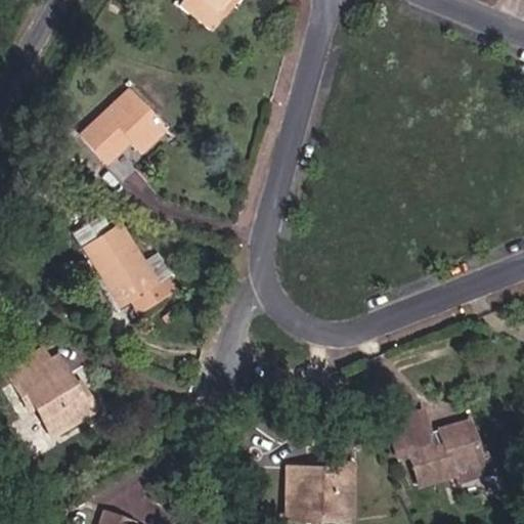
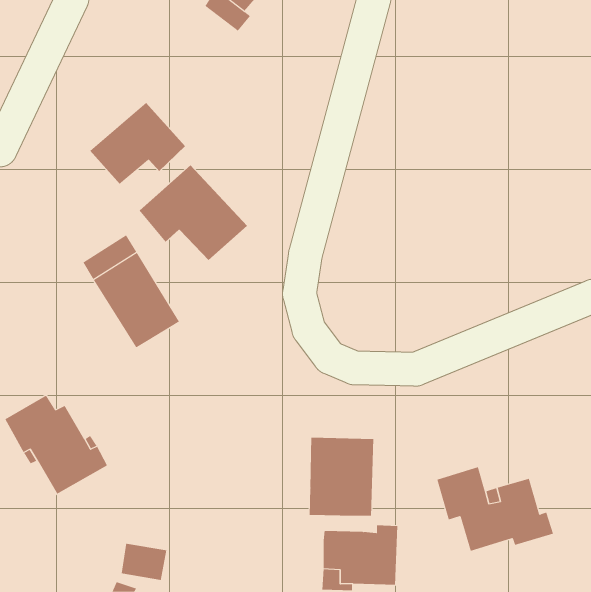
building: none -> [139,164,248,261]
building: [132,254,177,313] -> none
building: none -> [309,437,374,517]

